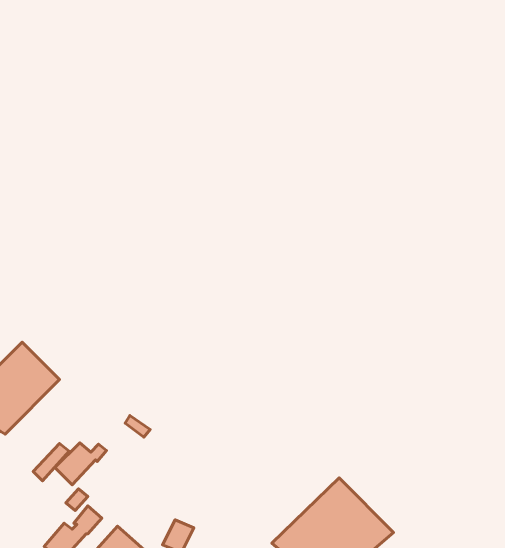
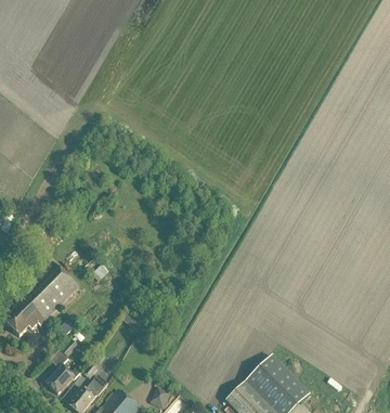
building: [55,443,106,485] -> [44,366,80,396]

